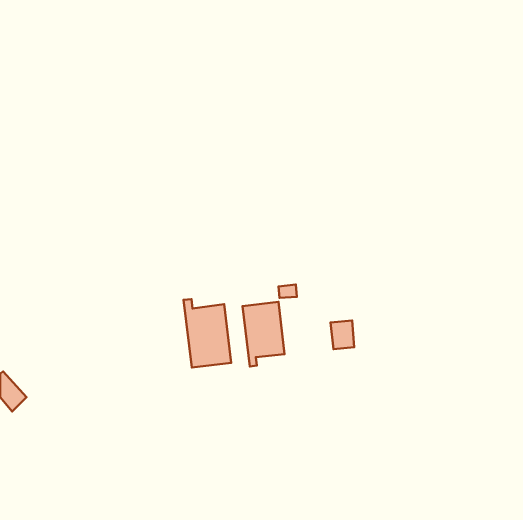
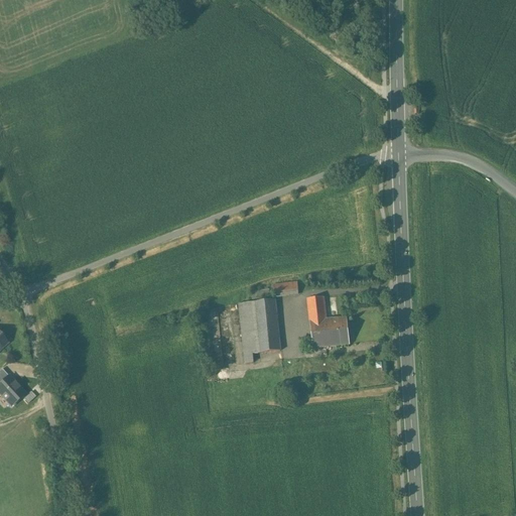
building: [184,299,231,368] -> none
building: none -> [307,295,329,345]

